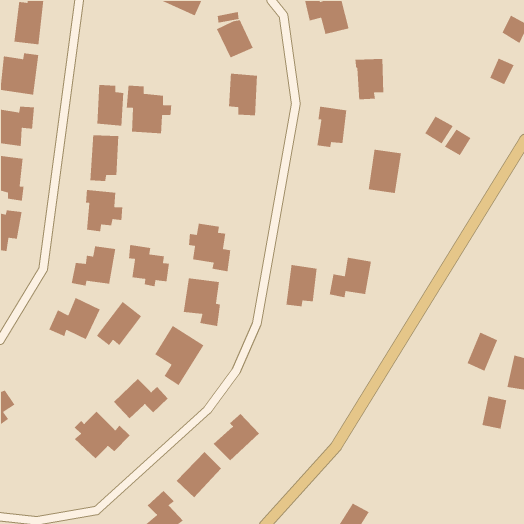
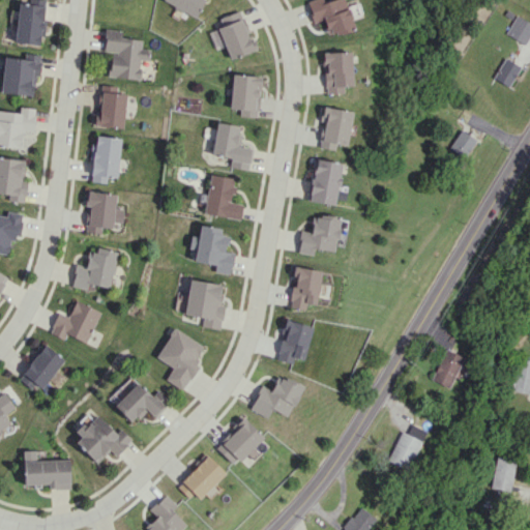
building: [354,58,384,100] -> [322,52,352,94]
building: [126,85,172,134] -> [105,30,151,80]
building: [424,116,454,144] -> none
building: none -> [213,123,252,170]
building: [368,149,402,194] -> [307,159,342,205]
building: none -> [205,175,243,219]
building: [128,244,170,287] -> none
building: [329,257,372,298] -> [297,214,341,256]
building: [96,301,142,346] -> [19,344,65,389]
building: none -> [275,320,312,364]
building: [466,332,498,372] -> [431,349,463,389]
building: none -> [249,375,302,418]
building: [482,396,507,430] -> [491,458,517,492]
building: none -> [387,424,425,470]
building: none -> [24,451,71,490]

